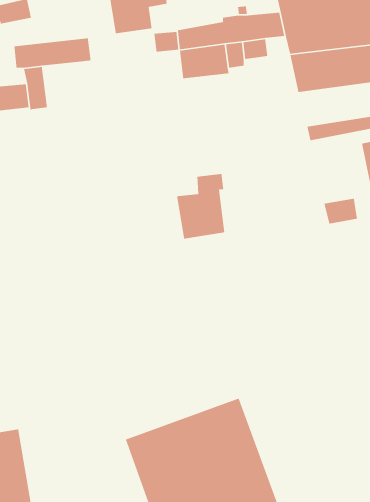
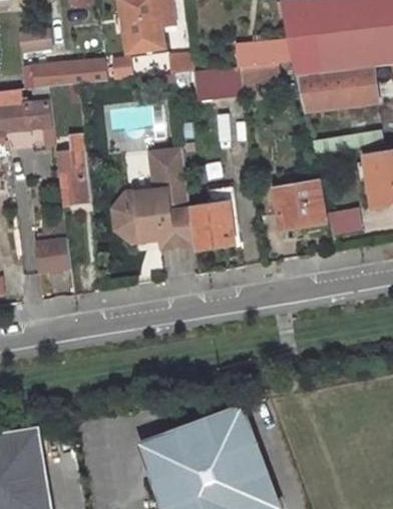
building: none -> [119,150,192,250]
building: none -> [53,151,90,205]
building: none -> [272,183,322,237]
building: none -> [36,238,70,273]

